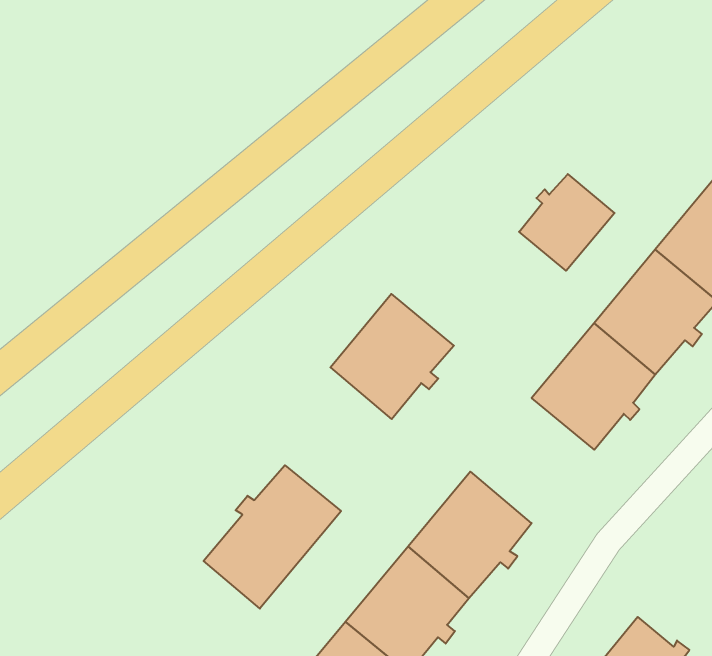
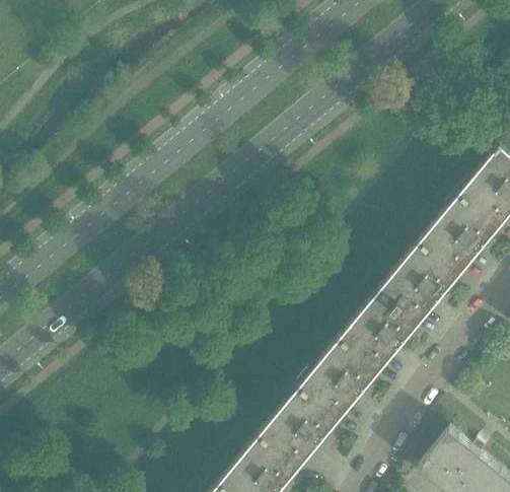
building: [519,174,615,271] -> none
building: [330,294,454,419] -> [339,292,419,373]
building: [204,465,341,609] -> none

